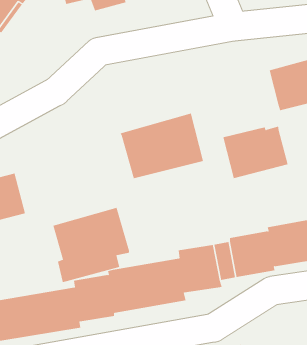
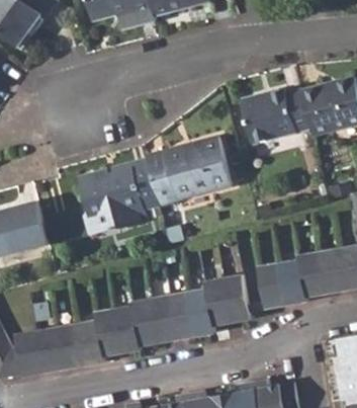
building: [223,126,288,179] -> [240,87,308,143]
building: [52,207,130,283] -> [77,160,158,239]

